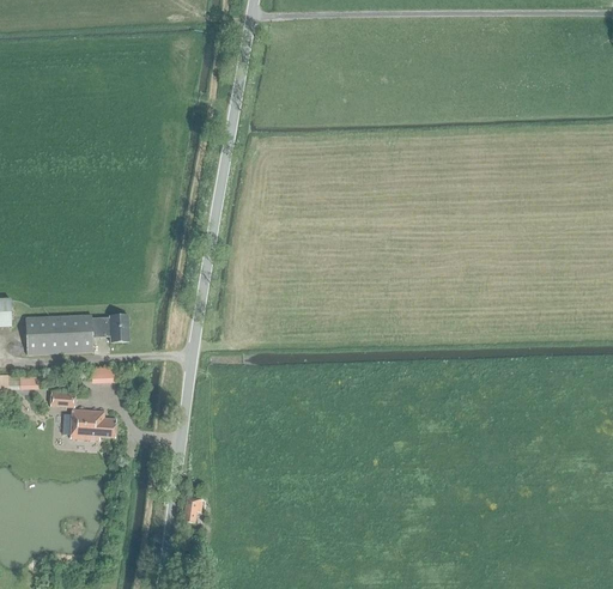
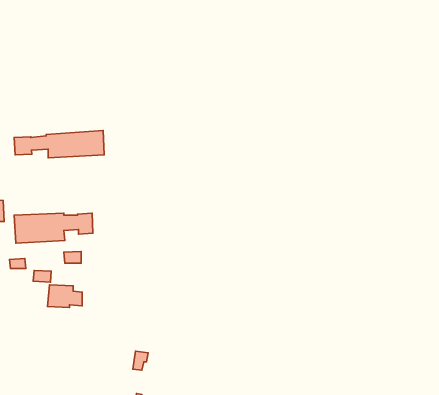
building: none -> [14,130,104,158]

